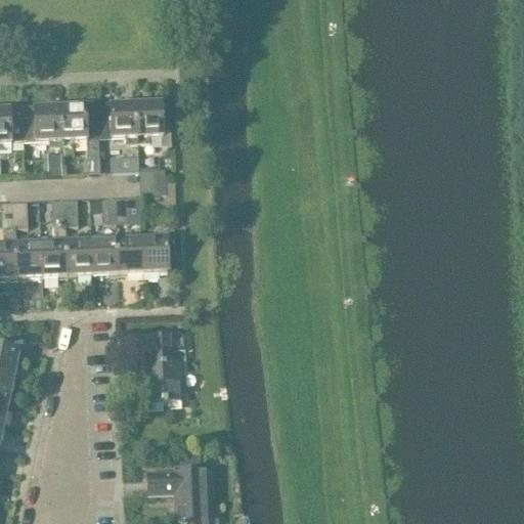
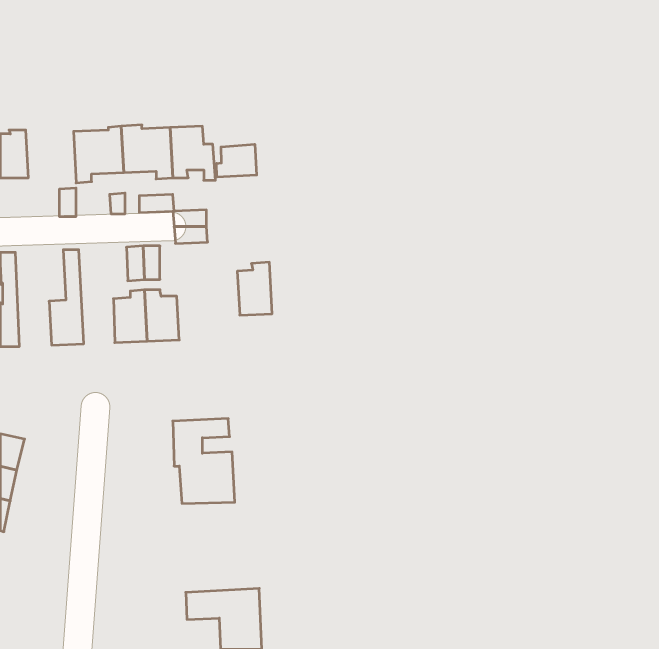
building: [20,102,60,145] -> none
building: none -> [217,144,257,177]
building: [62,198,91,273] -> none
building: [12,200,41,275] -> none
building: [140,228,168,270] -> [237,262,272,315]

